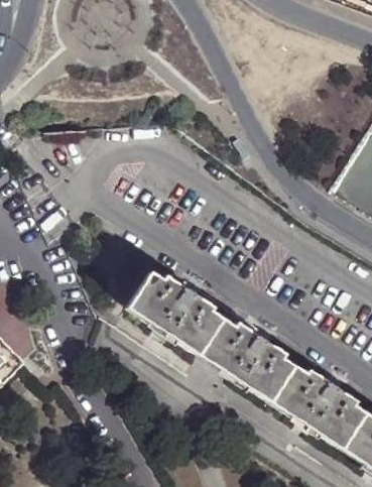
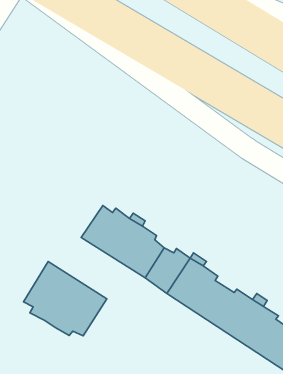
building: none -> [24,262,107,336]

